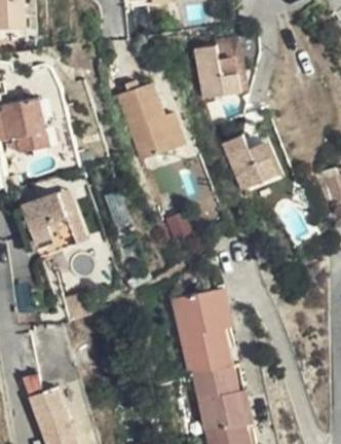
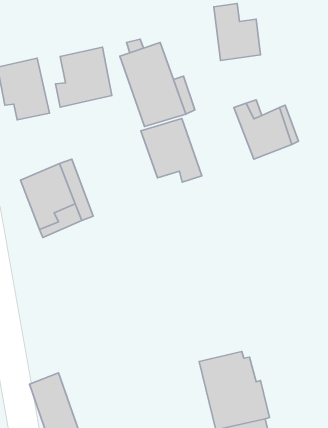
building: none -> [55,47,112,107]
building: none -> [141,118,202,182]
building: [167,291,229,374] -> none

